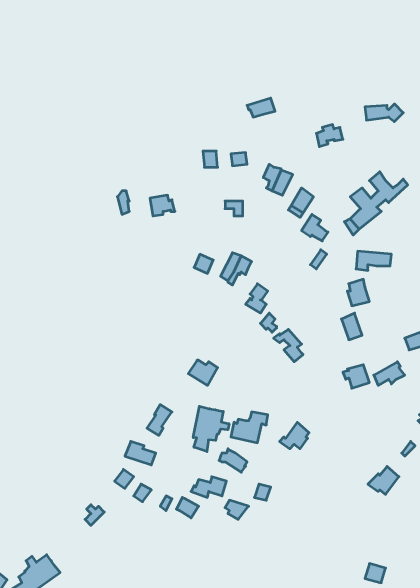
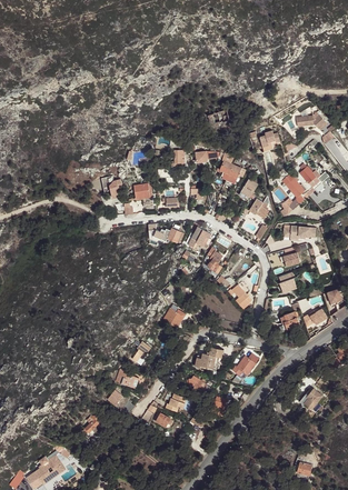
building: [193,406,229,452] -> none

